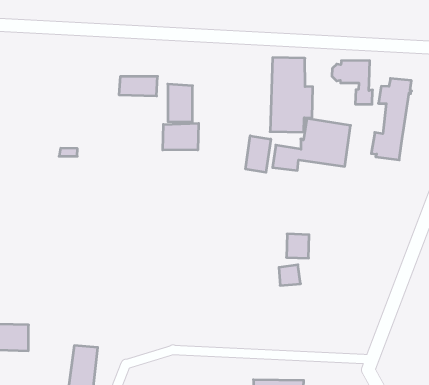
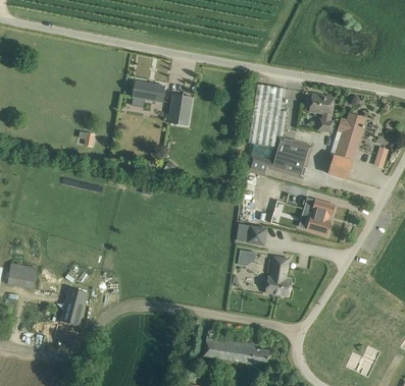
building: [163,123,199,150] -> none
building: [246,136,271,172] -> none
building: none -> [303,197,335,234]
building: none -> [265,256,292,296]

